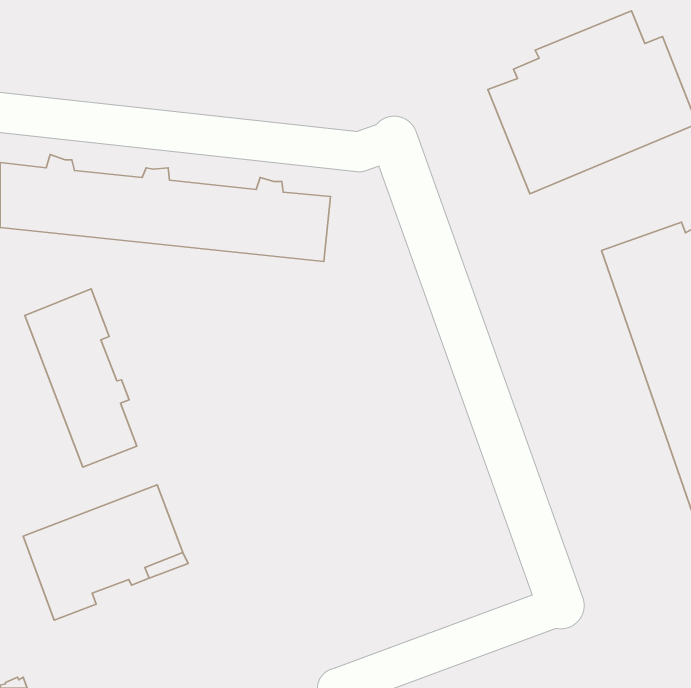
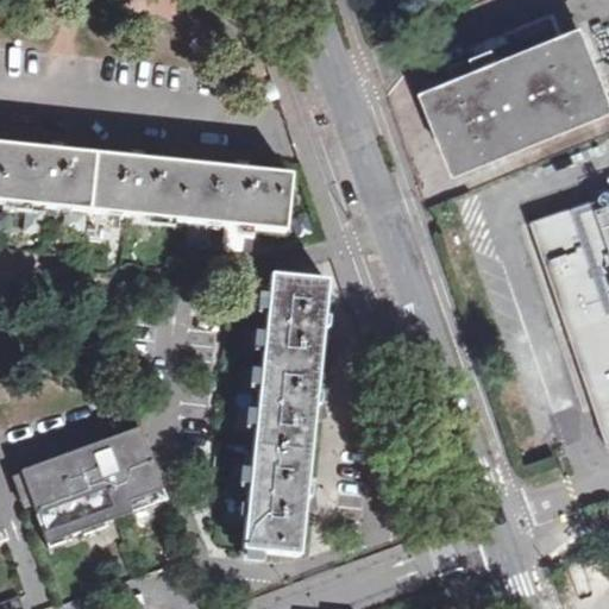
building: [25,289,137,467] -> none
building: none -> [244,274,334,553]

